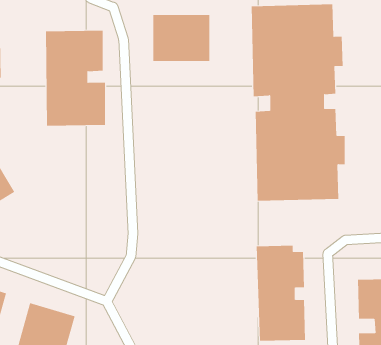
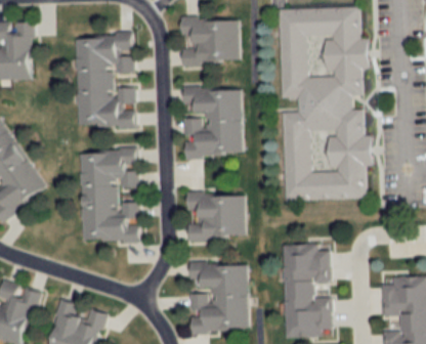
building: none -> [183,86,243,158]
building: none -> [81,148,140,243]
building: none -> [188,193,246,240]
building: none -> [190,262,249,333]

